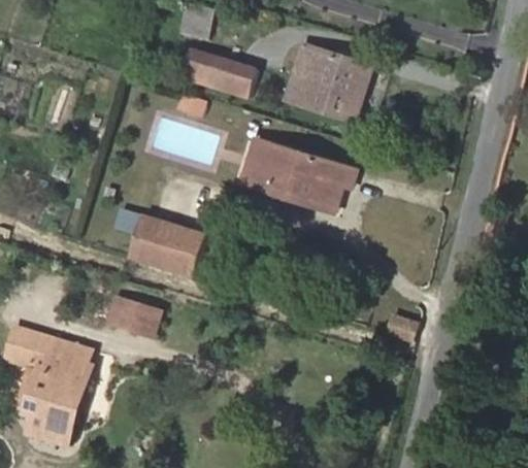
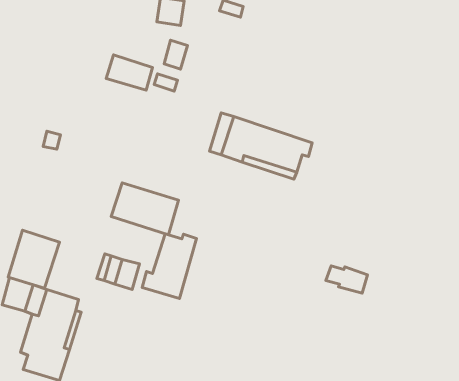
building: [286,42,374,122] -> none
building: [205,61,258,101] -> [106,55,152,90]
building: none -> [8,230,59,288]
building: none -> [142,234,197,298]

